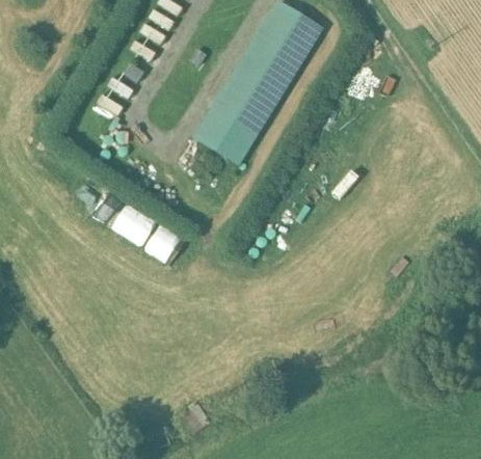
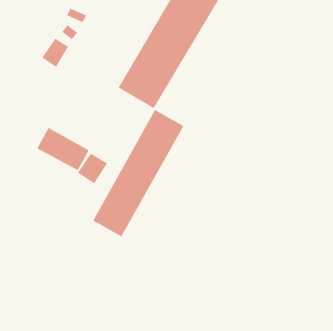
building: none -> [93,109,184,237]

